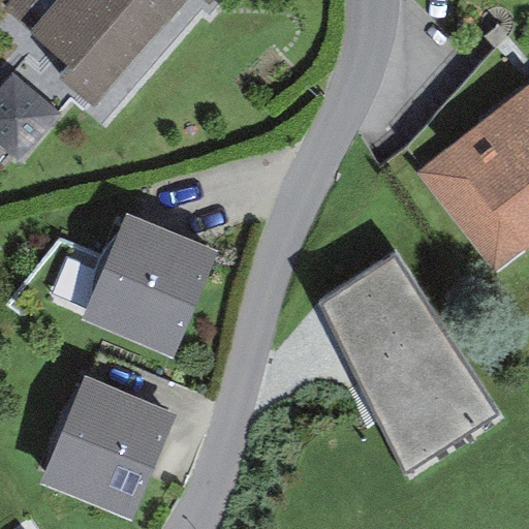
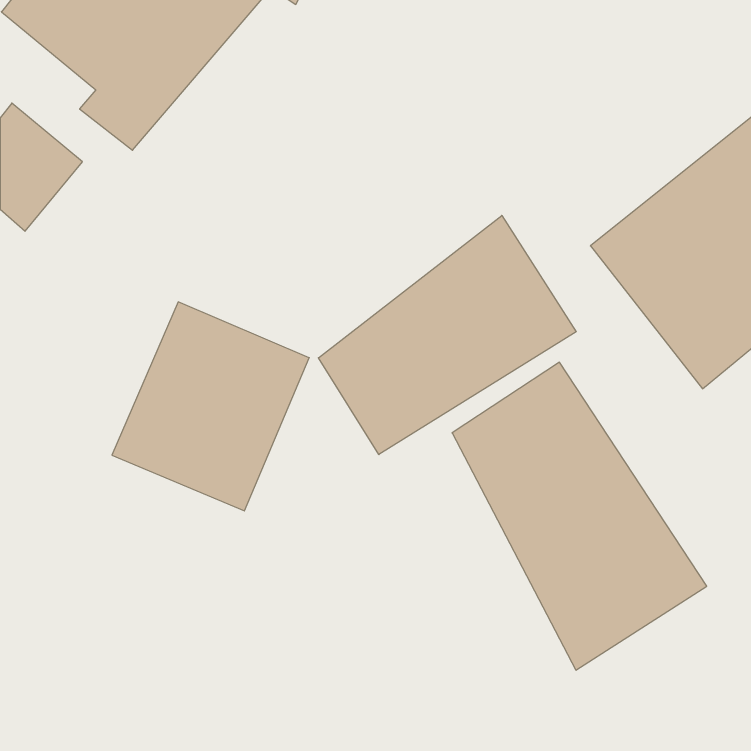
building: none -> [318,215,576,455]
building: [38,374,177,522] -> none

